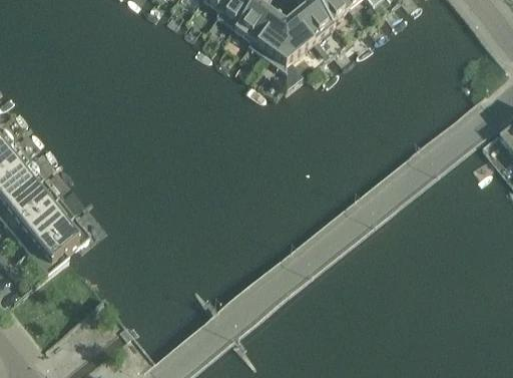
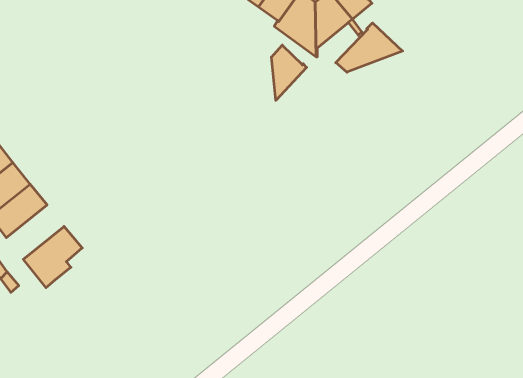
building: none -> [336,23,403,72]
building: none -> [271,45,307,100]
building: [11,197,62,245] -> none

